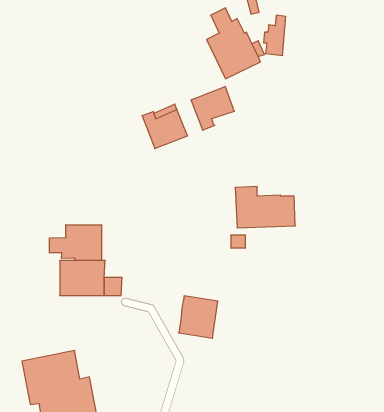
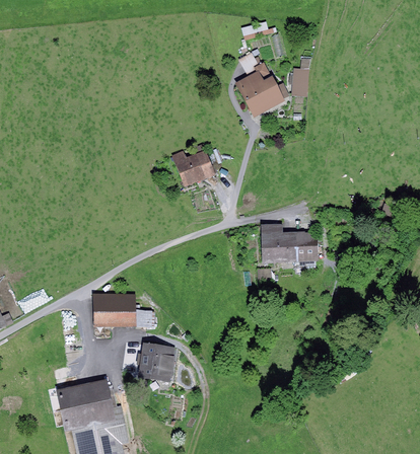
building: [191,86,234,130] -> none
building: [50,225,101,261] -> none
building: [179,296,218,338] -> [138,342,176,382]

